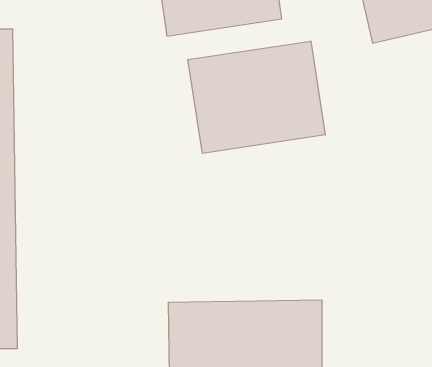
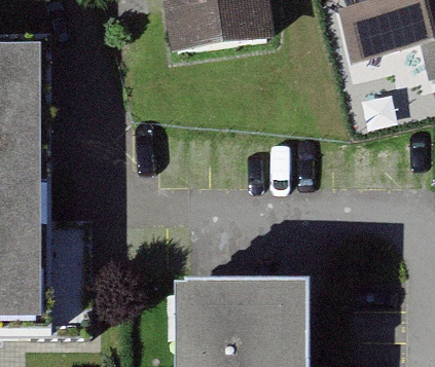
building: [188,41,325,153] -> none

